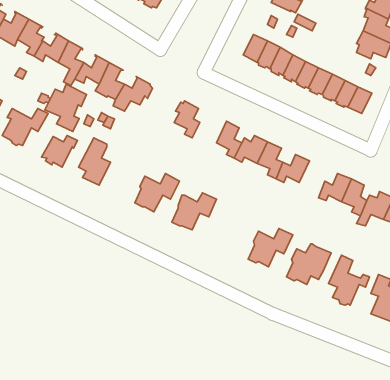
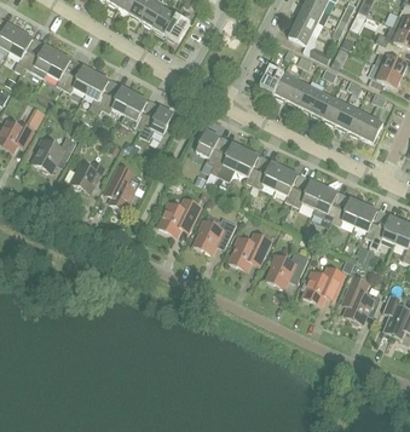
building: [45,84,86,132] -> none
building: none -> [210,142,246,179]
building: none -> [312,185,339,220]
building: none -> [229,232,271,267]

